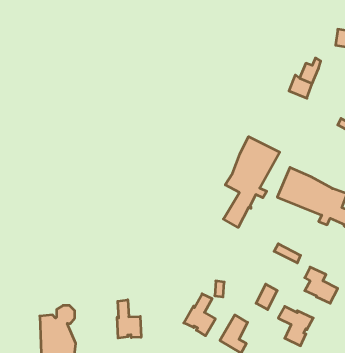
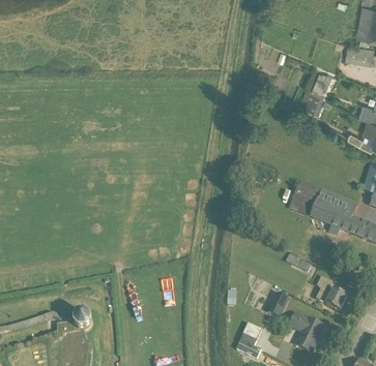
building: [223,137,280,227] -> none
building: [184,294,215,336] -> none
building: [117,300,141,338] -> none

